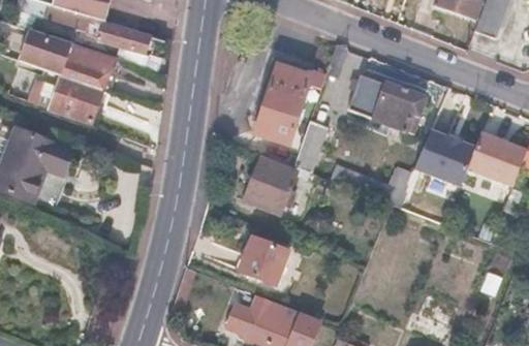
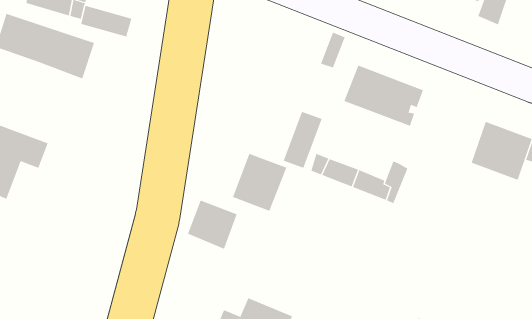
building: [255,66,312,144] -> none
building: [41,74,110,120] -> none
building: [416,127,476,184] -> none
building: [242,239,289,285] -> [187,200,238,249]

